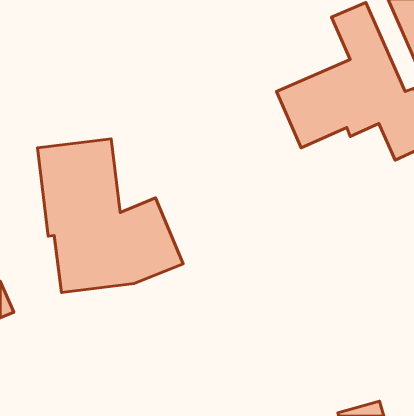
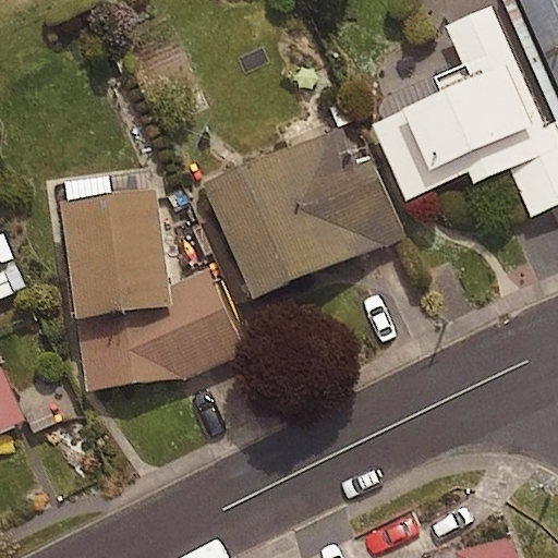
building: none -> [204,126,402,298]

